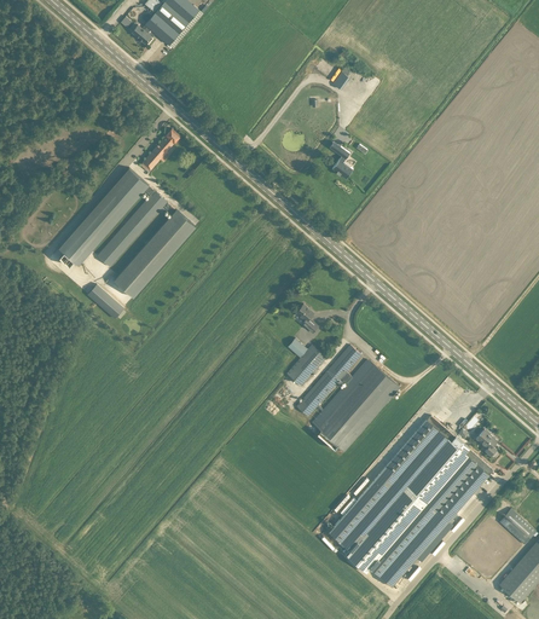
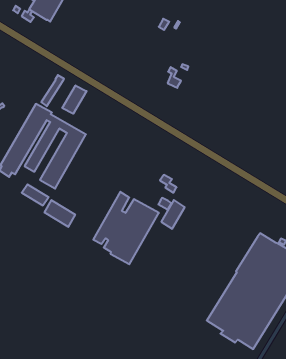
building: none -> [62,85,87,114]
building: none -> [45,200,75,227]
building: [296,343,400,453] -> [93,192,159,264]

